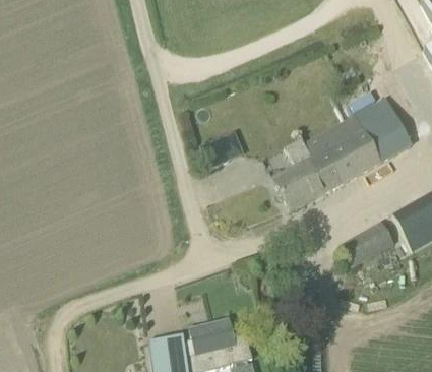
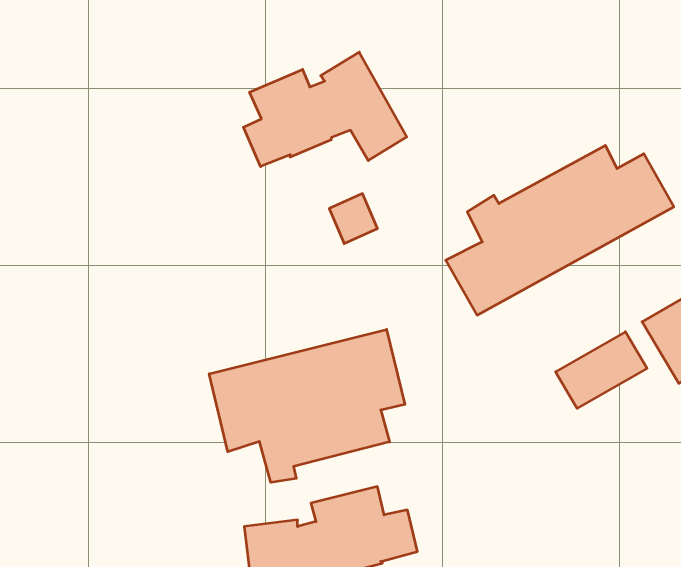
building: none -> [243,52,407,167]
building: none -> [209,329,405,482]

